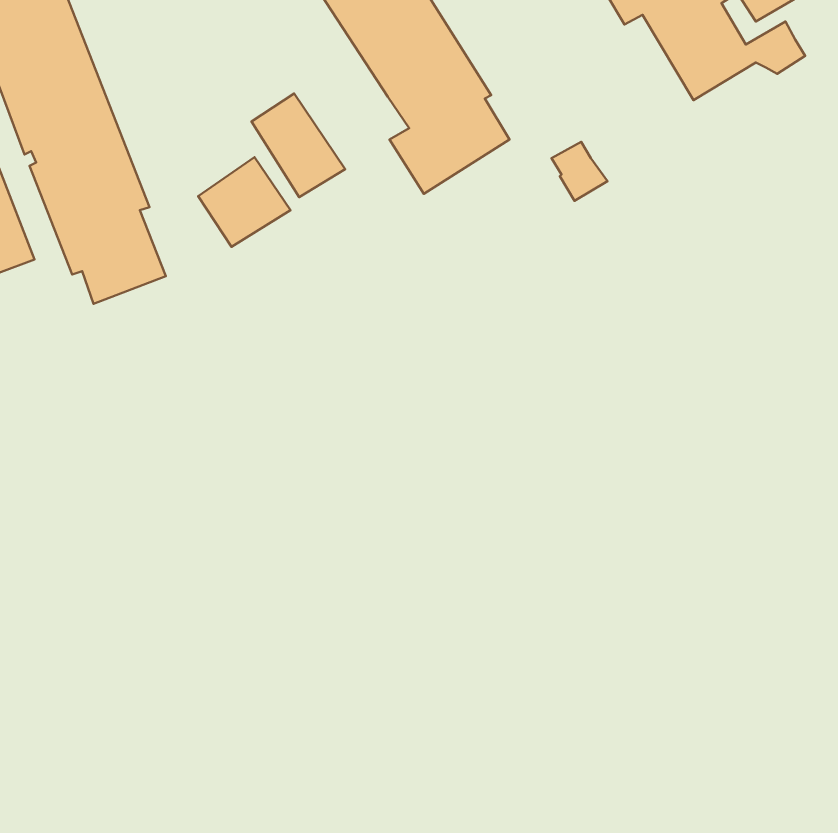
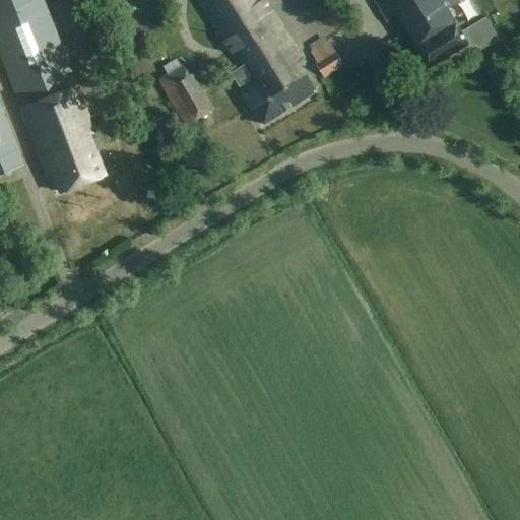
building: [551,142,607,201] -> [309,37,343,73]
building: [198,157,291,247] -> none

